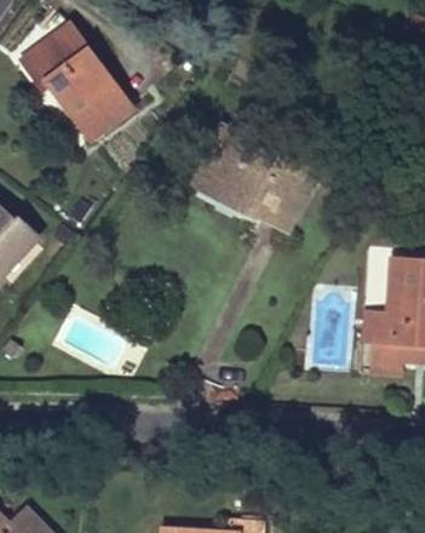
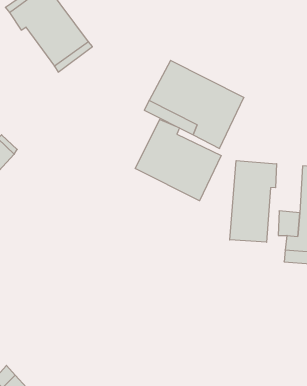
building: none -> [135,119,221,201]
building: none -> [230,161,277,242]

